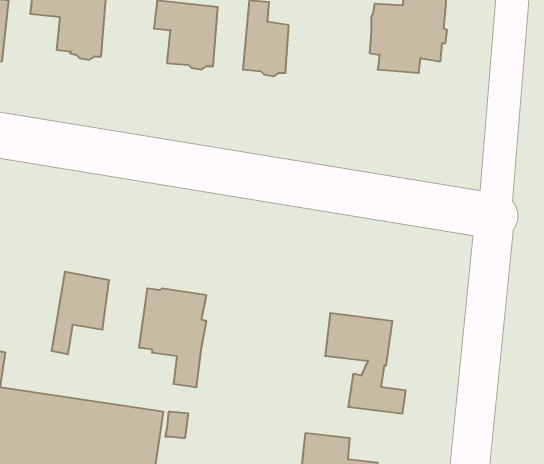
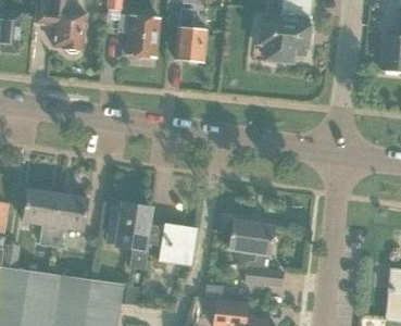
building: none -> [22,188,58,244]
building: none -> [148,223,196,264]

